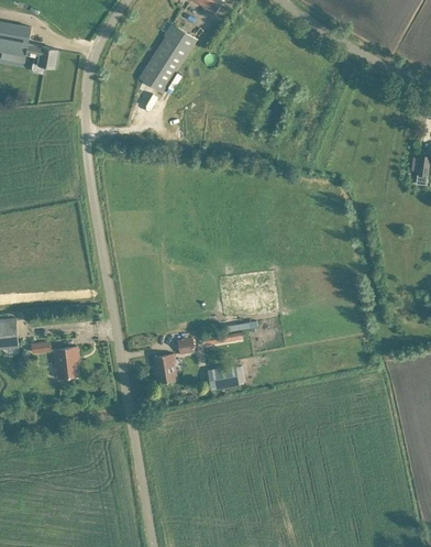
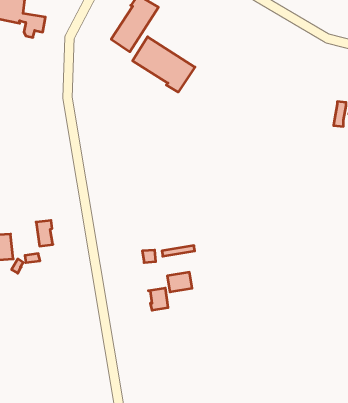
building: none -> [133,37,195,92]
building: [56,348,77,380] -> [36,220,53,246]
building: [152,355,176,383] -> [148,288,168,310]

